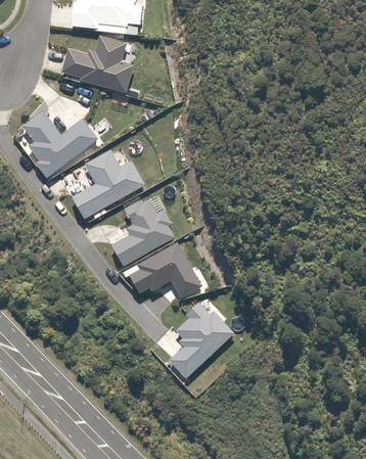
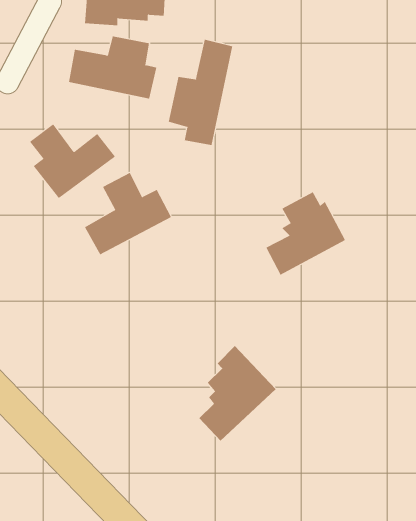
building: none -> [168,39,233,146]
building: [110,196,178,267] -> [266,191,346,276]
building: [131,245,196,295] -> none

